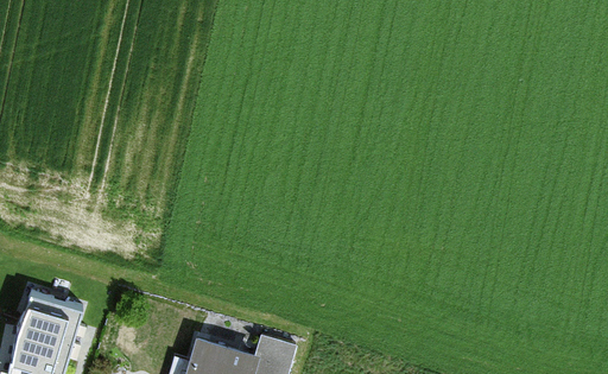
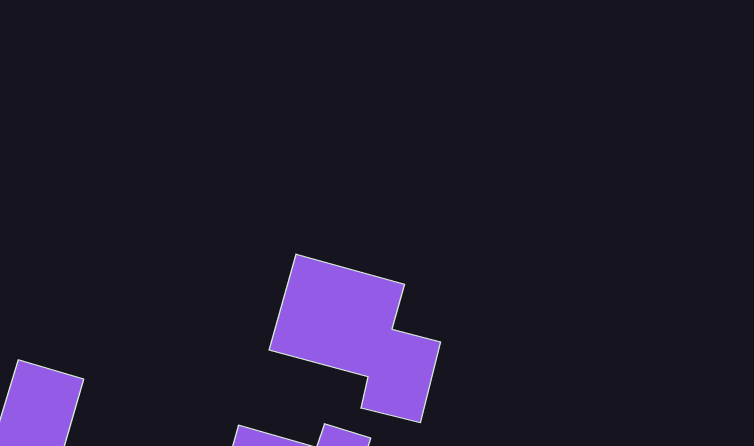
building: none -> [269,254,440,423]

